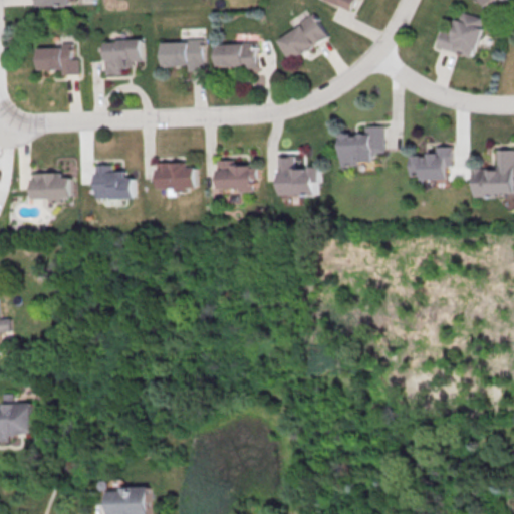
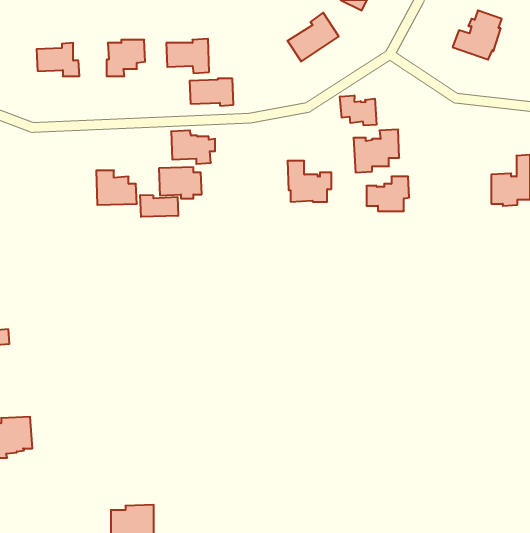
building: [213,42,255,68] -> [190,79,233,106]
building: none -> [340,95,376,125]
building: [410,147,451,180] -> [366,177,409,211]
building: [215,160,257,192] -> [171,130,215,164]
building: [29,172,68,202] -> none
building: none -> [140,195,178,217]

